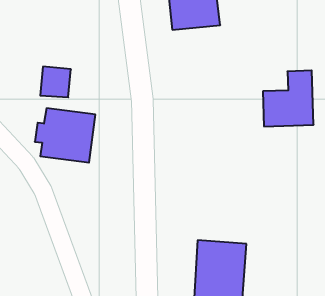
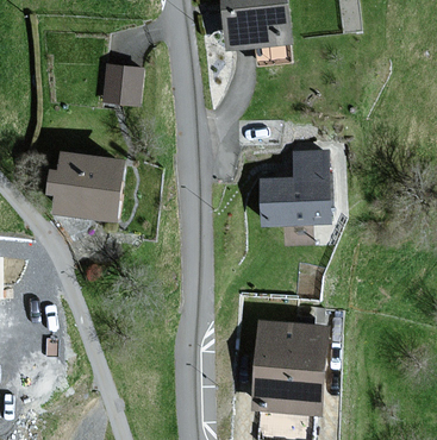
building: [40,67,71,97] -> [101,62,142,102]
building: [263,70,314,126] -> [262,150,329,224]

